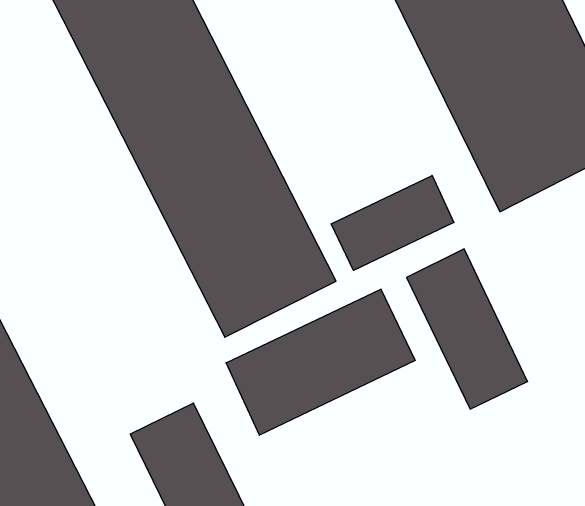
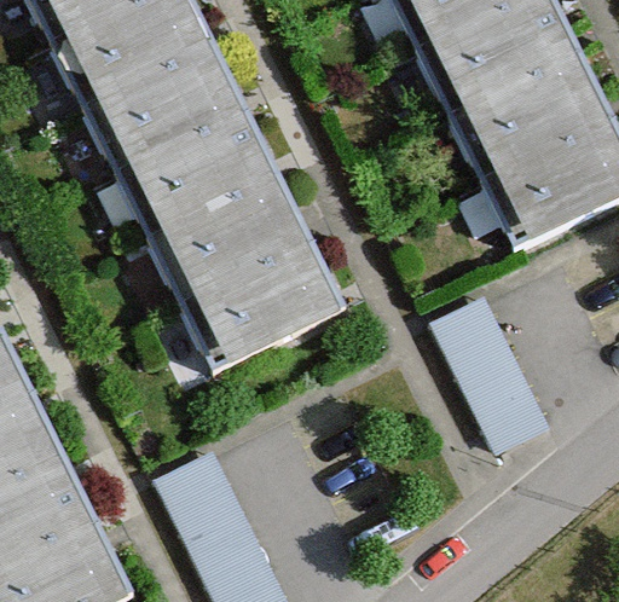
building: [331,175,454,270] -> none
building: [226,289,415,435] -> none

